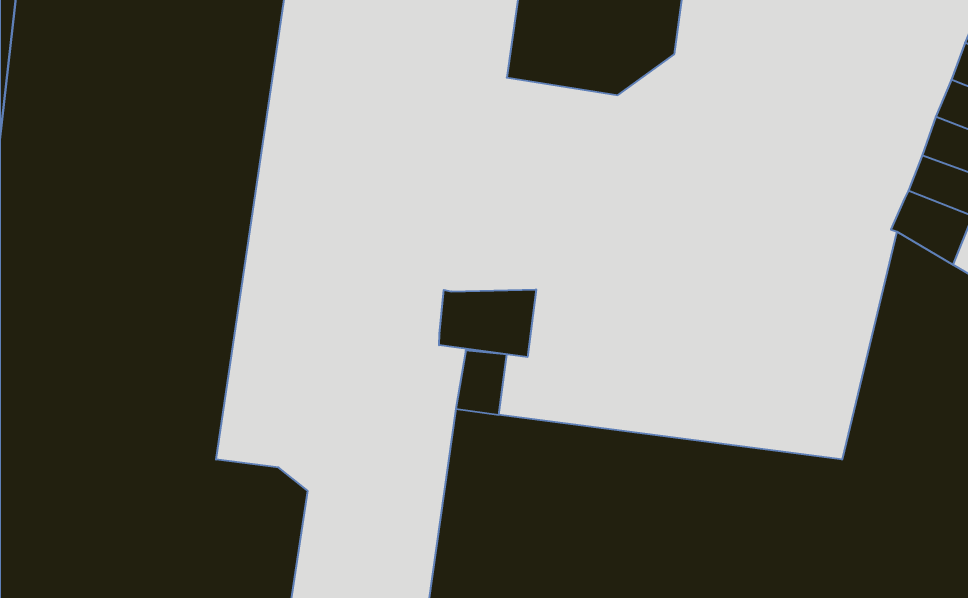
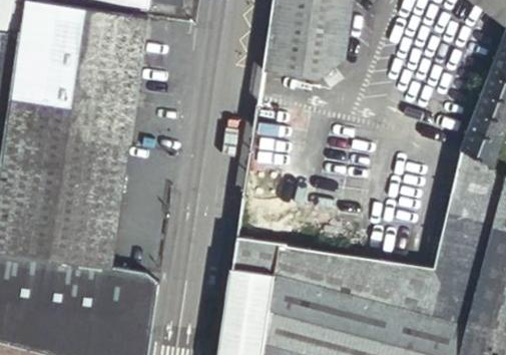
building: [439,289,536,357] -> none

